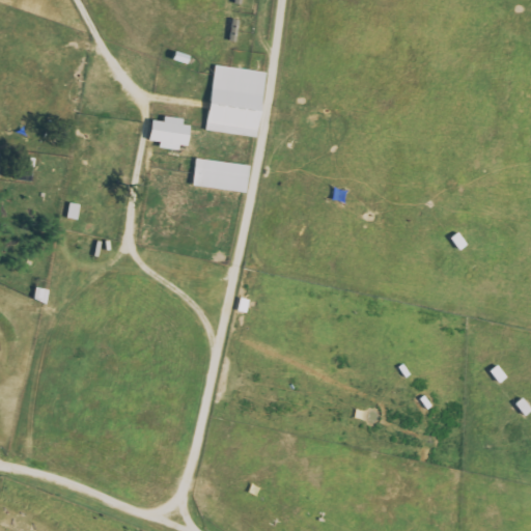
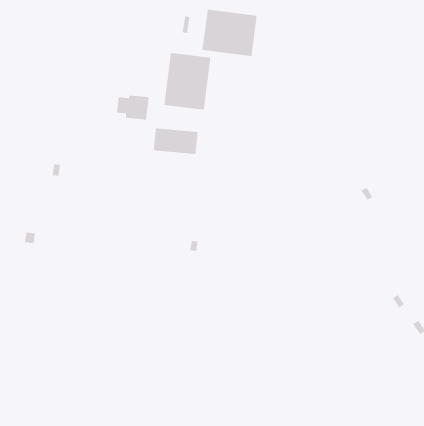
building: none -> [202,9,257,57]

